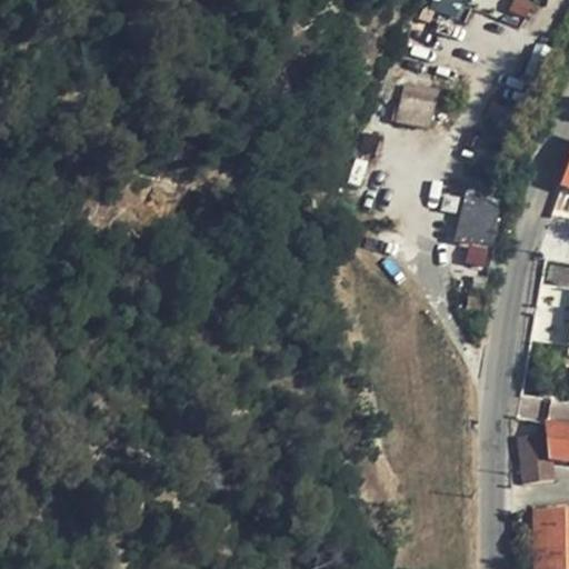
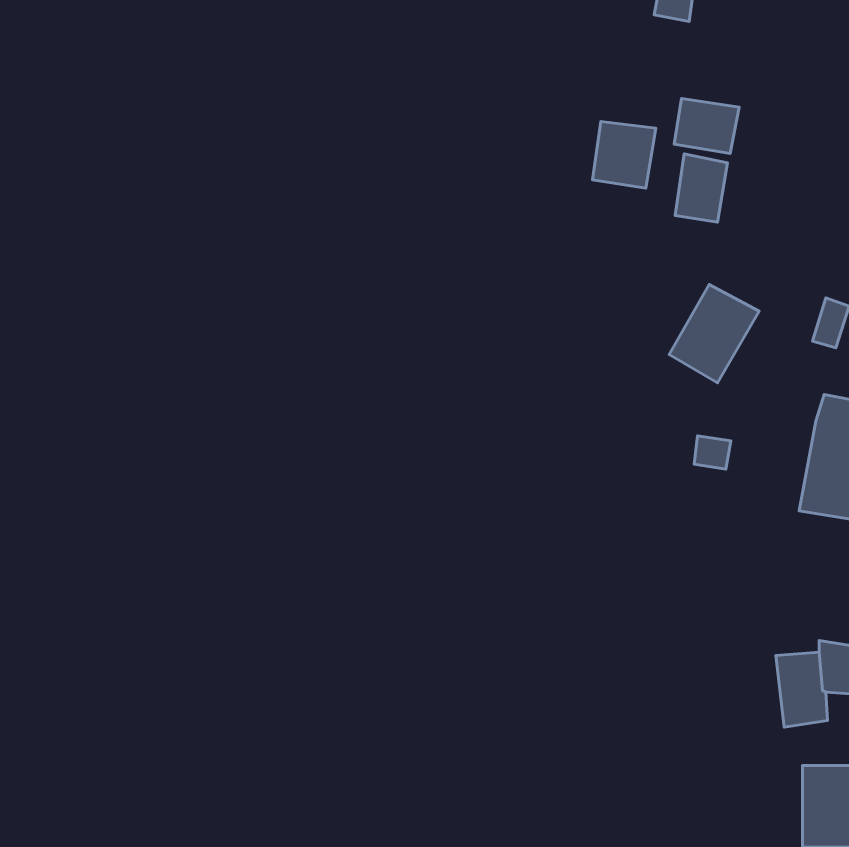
building: none -> [674,99,739,154]
building: none -> [675,154,727,222]

